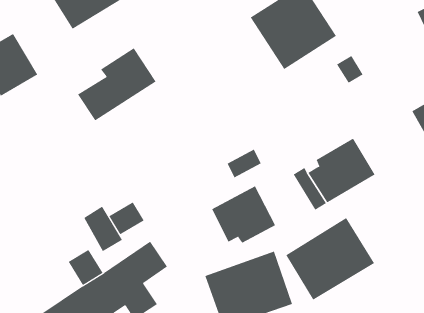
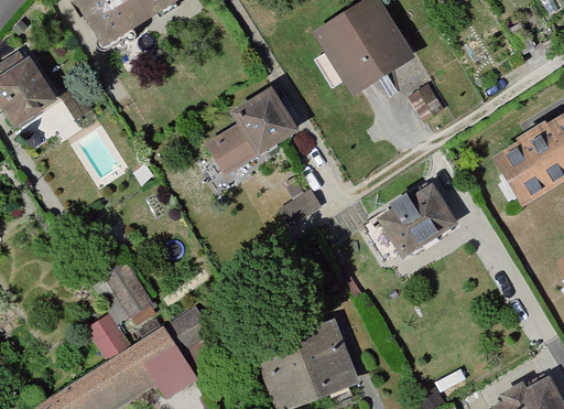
building: [77,47,156,121] -> [200,90,295,179]
building: [211,186,276,243] -> none
building: [109,201,145,235] -> none
building: [285,217,375,301] -> none

